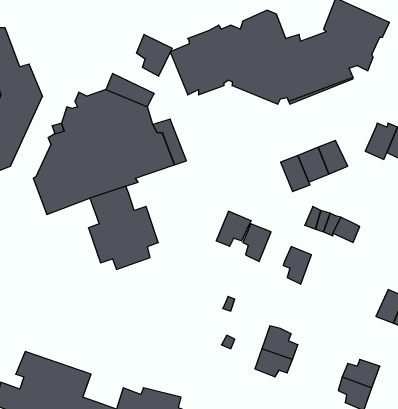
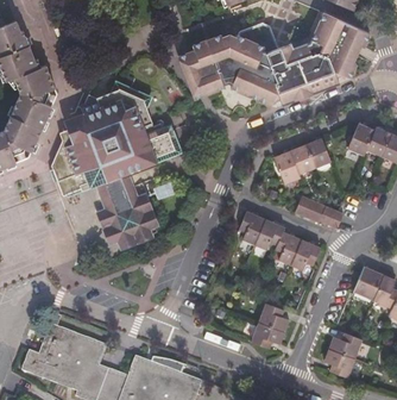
building: [137,34,172,76] -> none
building: [216,211,251,246] -> [252,217,283,248]
building: none -> [289,237,320,268]

